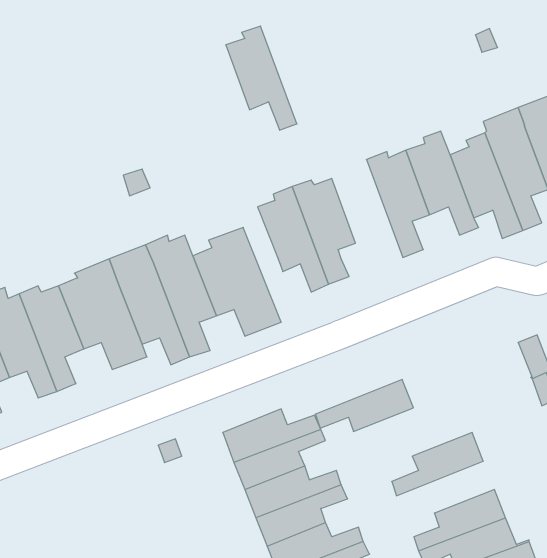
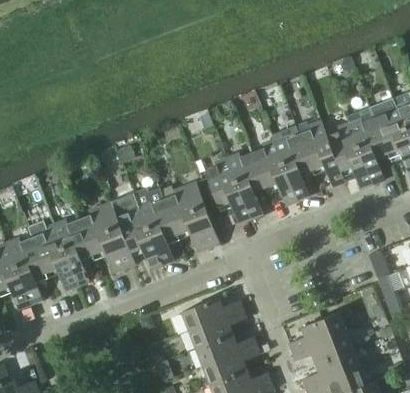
building: [226,26,297,130] -> [251,139,296,205]
building: [315,379,413,431] -> [292,330,354,363]

